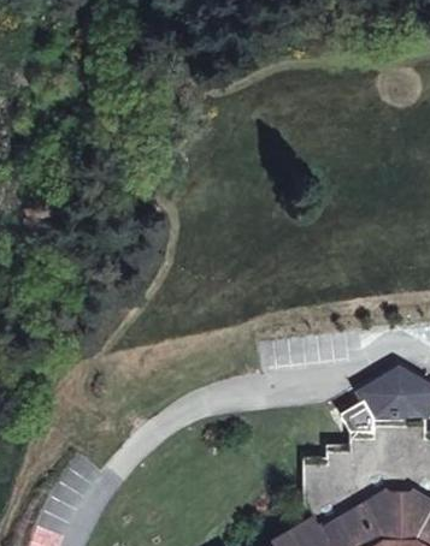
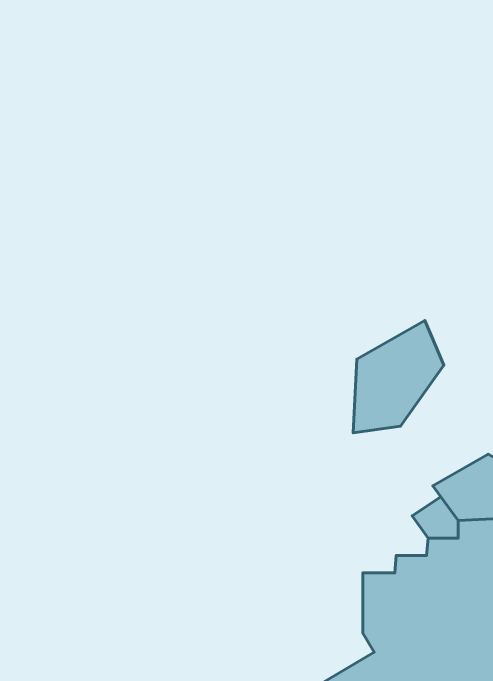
building: none -> [353,321,444,433]

